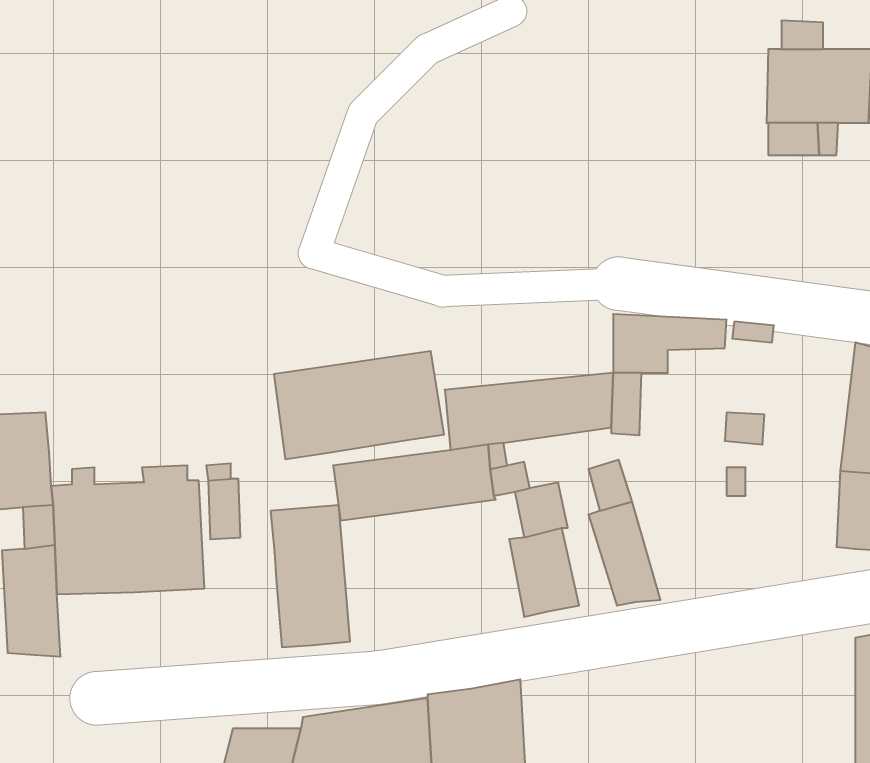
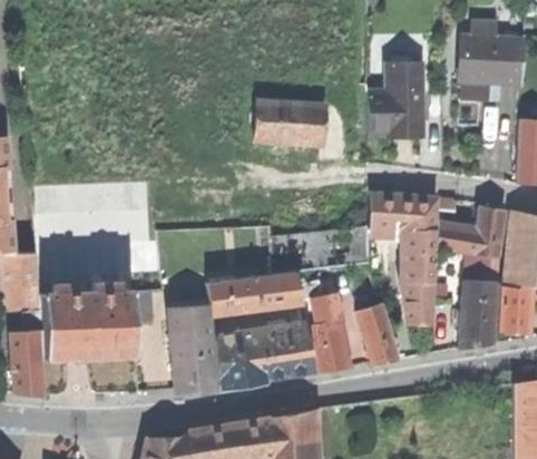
building: none -> [368,64,427,139]
building: none -> [254,102,320,144]
building: none -> [439,206,502,254]
building: none -> [401,214,436,324]
building: [274,351,444,459] -> [213,323,313,387]
building: none -> [460,257,498,348]

